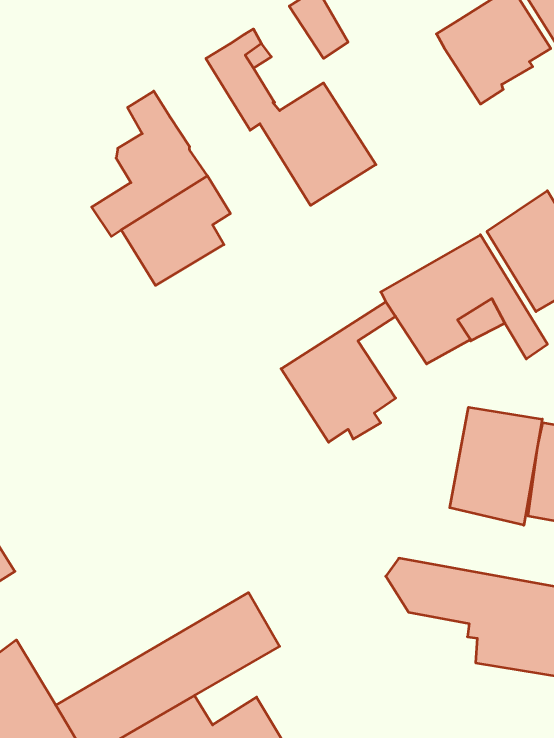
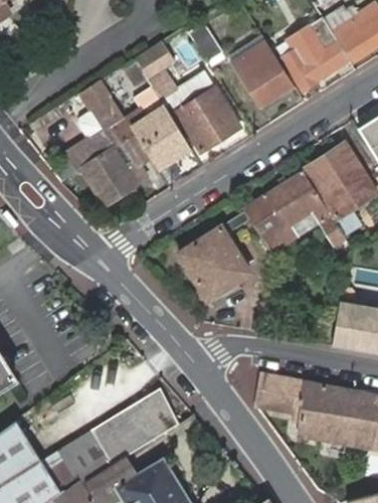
building: none -> [233,43,295,109]
building: none -> [125,108,190,171]
building: [450,407,542,525] -> none

